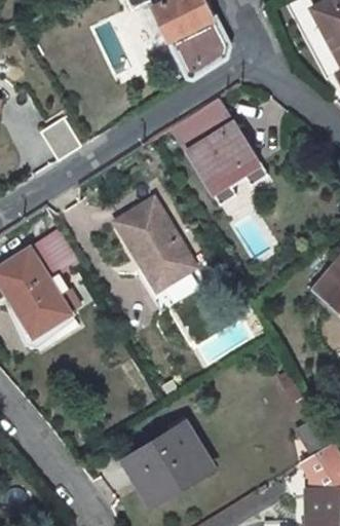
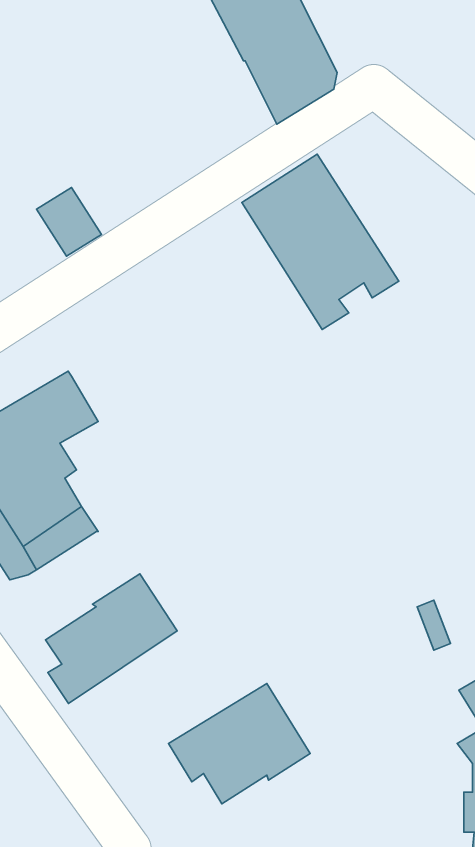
building: [115,200,205,308] -> none
building: none -> [46,574,177,704]

